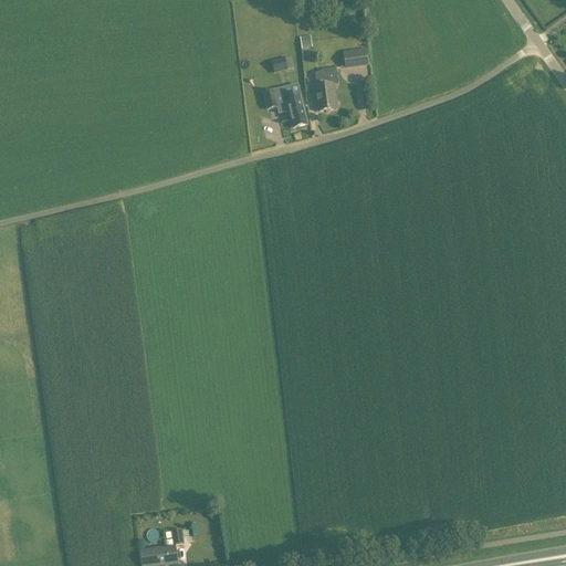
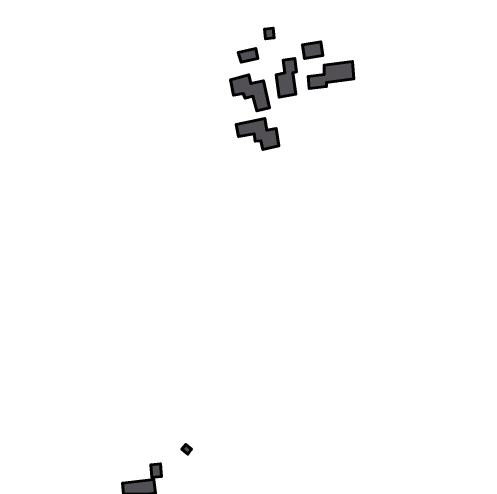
building: none -> [308,62,354,89]
building: none -> [236,118,279,150]

